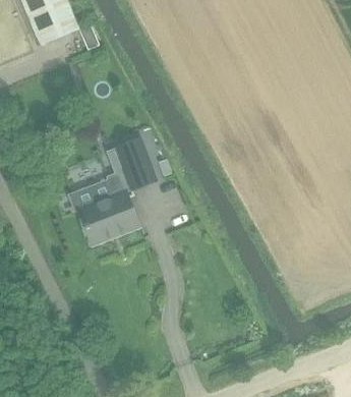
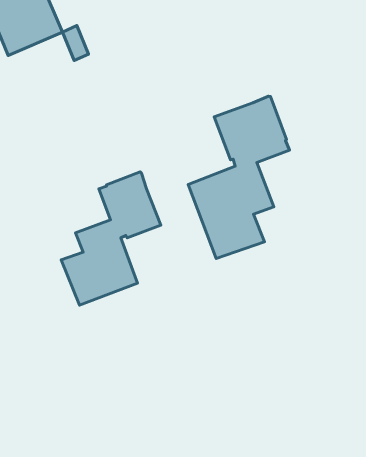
building: none -> [188,96,289,259]

